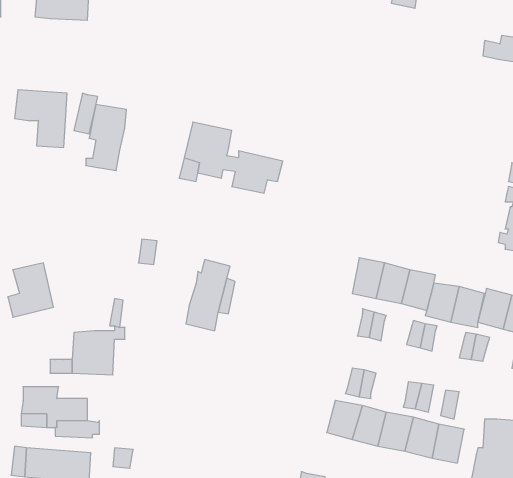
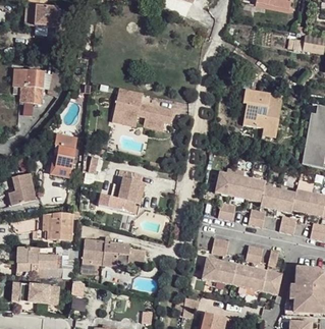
building: [86,104,126,171] -> [51,134,75,174]
building: none -> [242,91,282,135]
building: none -> [83,239,145,266]

